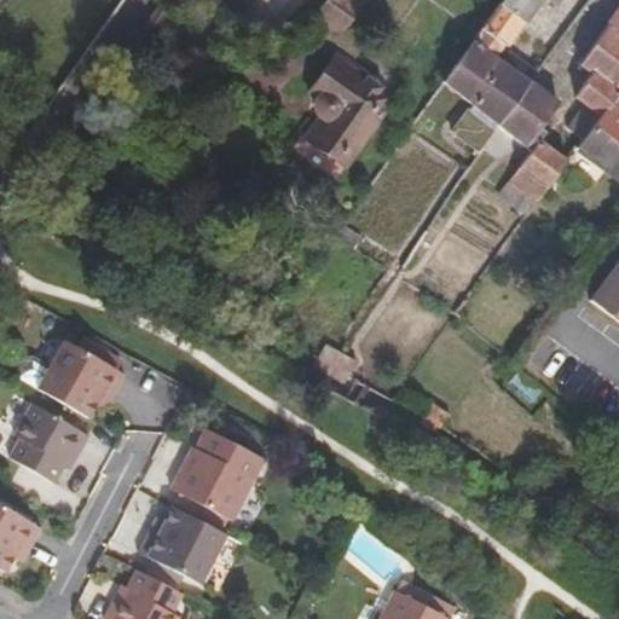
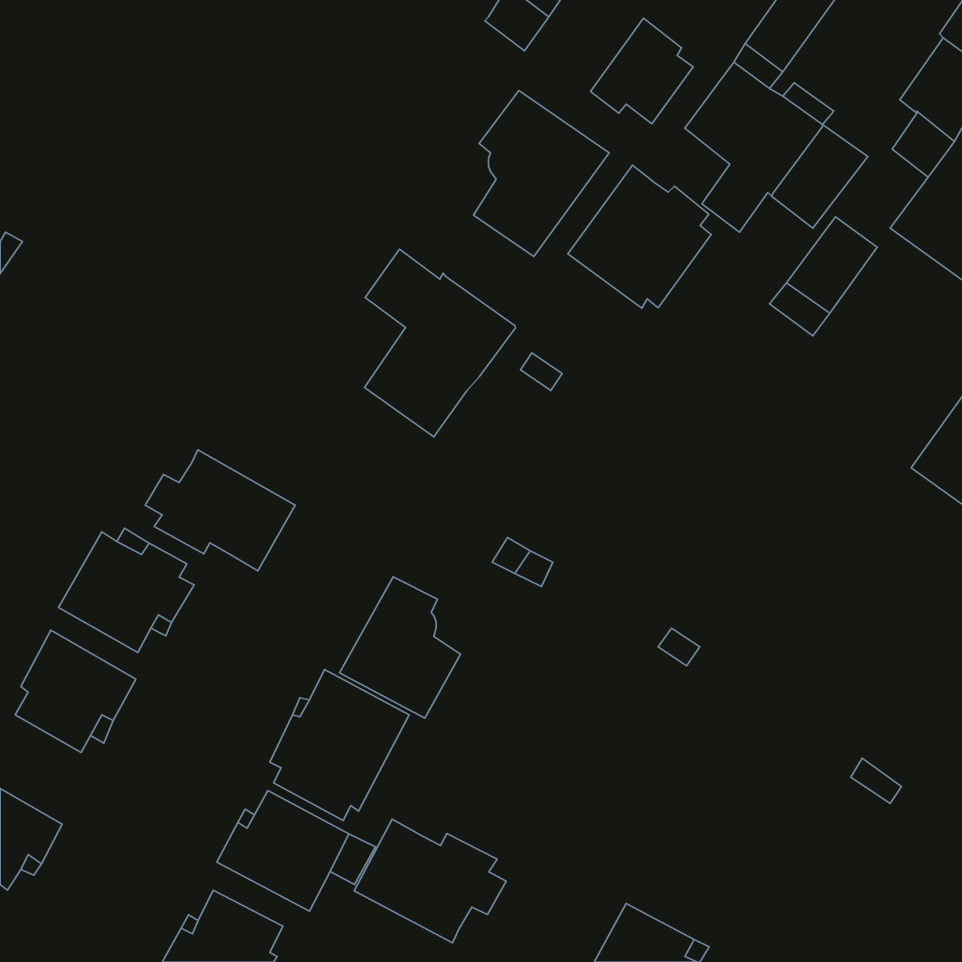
building: none -> [591,18,693,124]
building: none -> [568,165,711,308]
building: none -> [365,249,516,437]
building: none -> [145,450,295,571]
building: none -> [340,577,460,718]
building: none -> [354,819,506,943]

